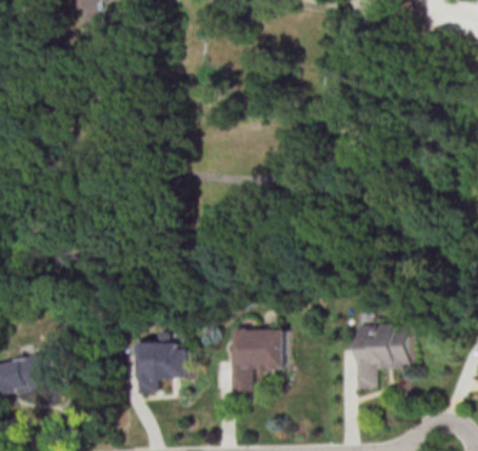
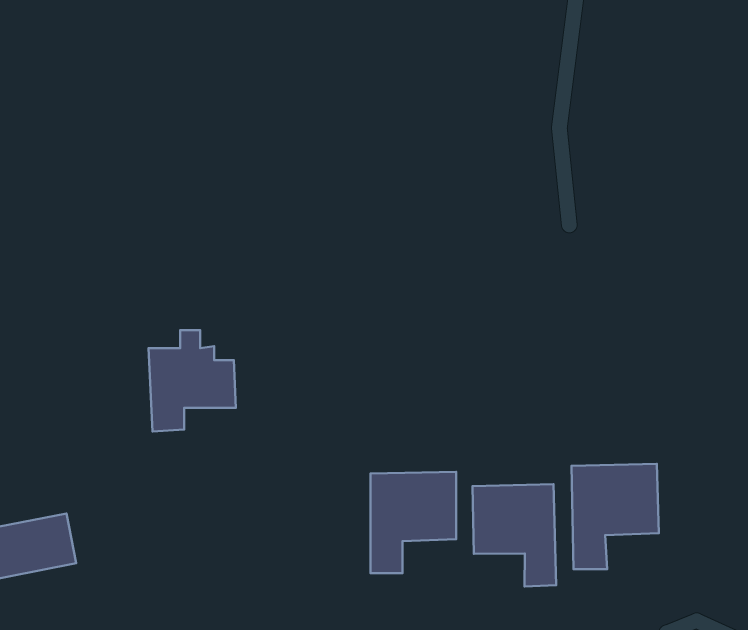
building: [133,331,187,393] -> [148,330,236,432]
building: none -> [473,484,556,587]

